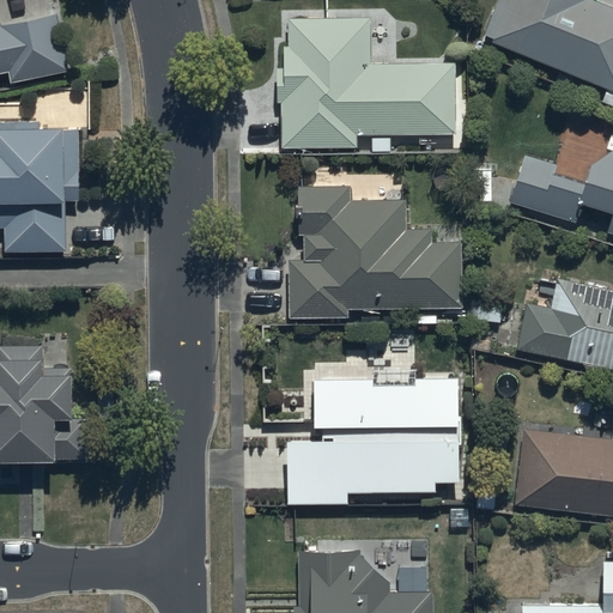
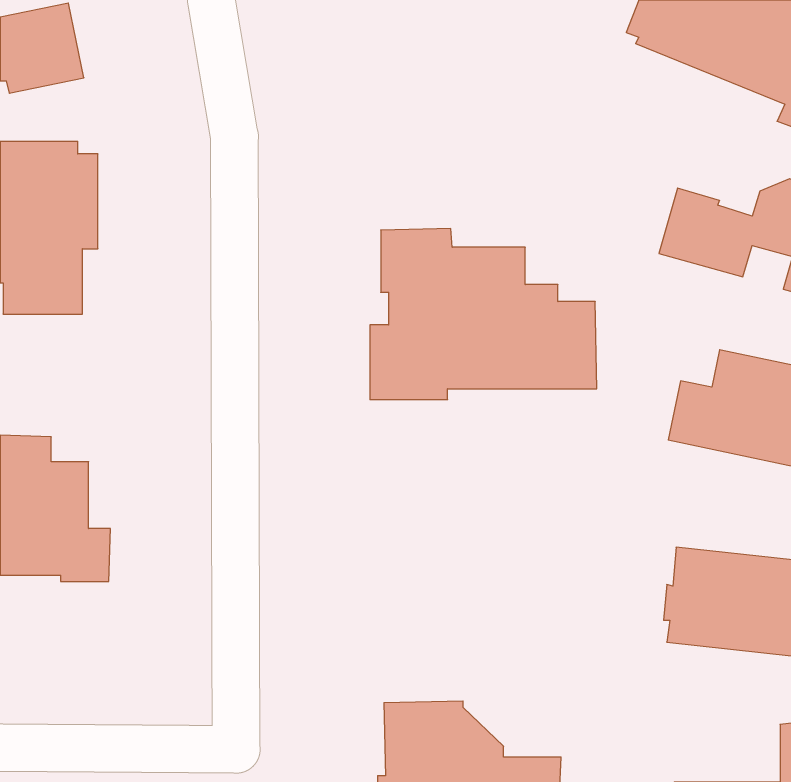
building: [275,18,455,148] -> none
building: [285,370,461,505] -> none

